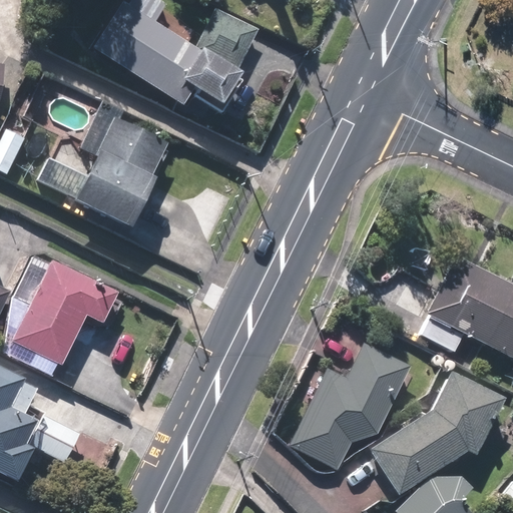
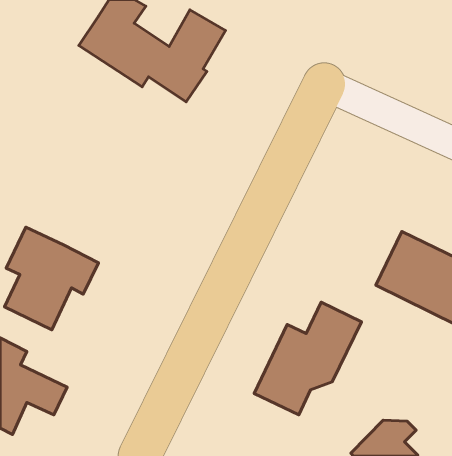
building: [39,100,174,236] -> none
building: [369,368,504,488] -> none

